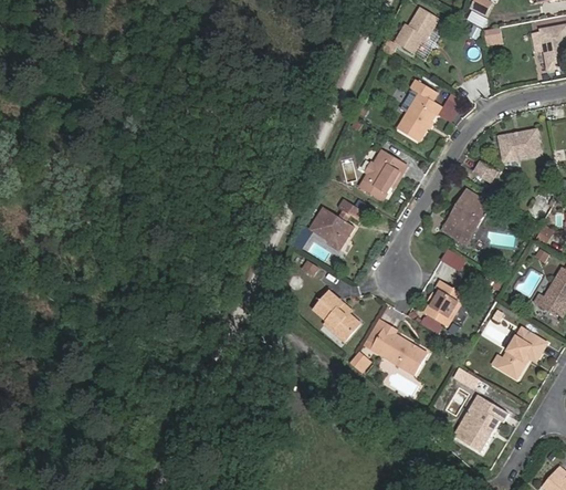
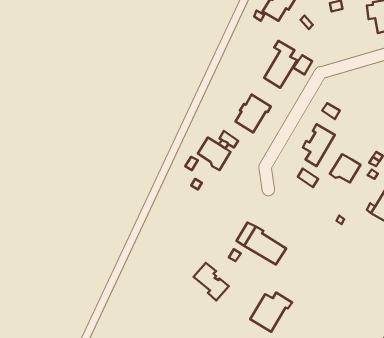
building: [497,129,539,161] -> none
building: none -> [330,154,360,182]
building: [423,280,464,326] -> none
building: [313,292,359,342] -> [193,263,229,300]
building: [497,327,546,377] -> none
building: [452,400,507,452] -> [250,292,292,332]

